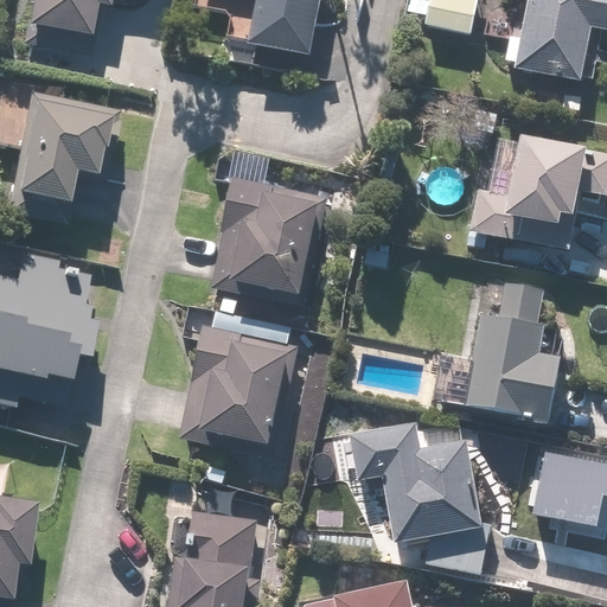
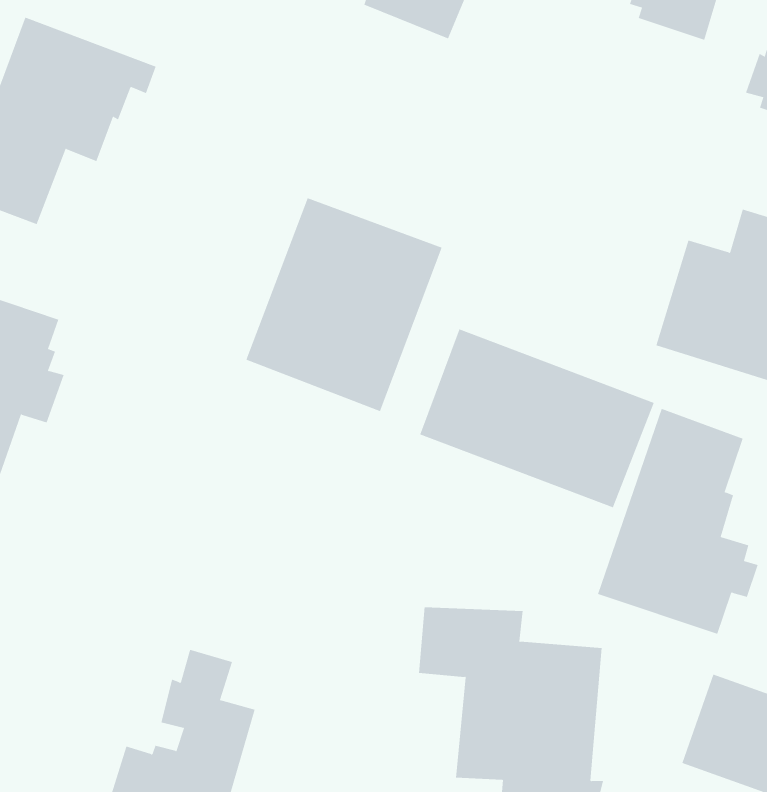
building: none -> [419,328,654,508]
building: [179,324,300,458] -> none

